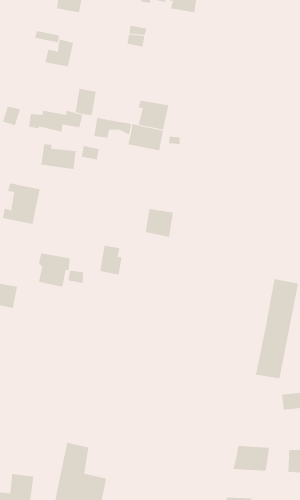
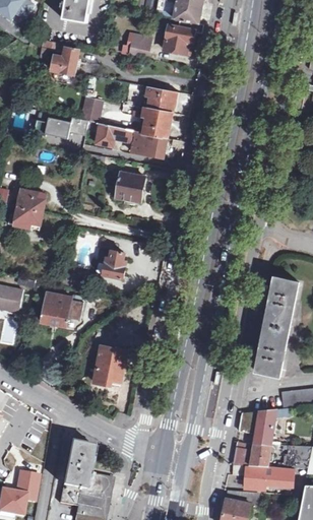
building: none -> [164,16,202,51]
building: none -> [145,82,176,110]
building: [41,143,76,170] -> none
building: [145,208,174,237] -> [116,170,144,198]
building: [38,253,70,287] -> [43,290,74,324]
building: none -> [93,343,126,382]
building: none -> [241,411,276,445]
building: none -> [246,469,294,490]

